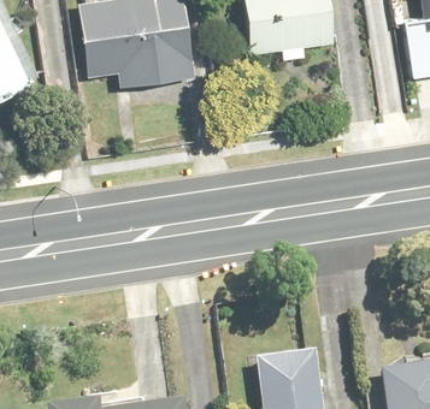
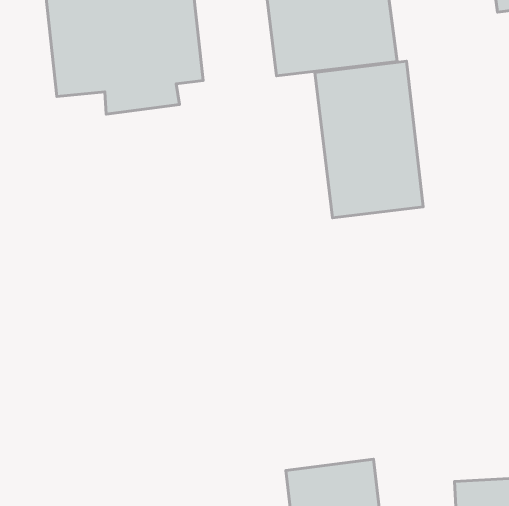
building: none -> [315,61,423,218]

